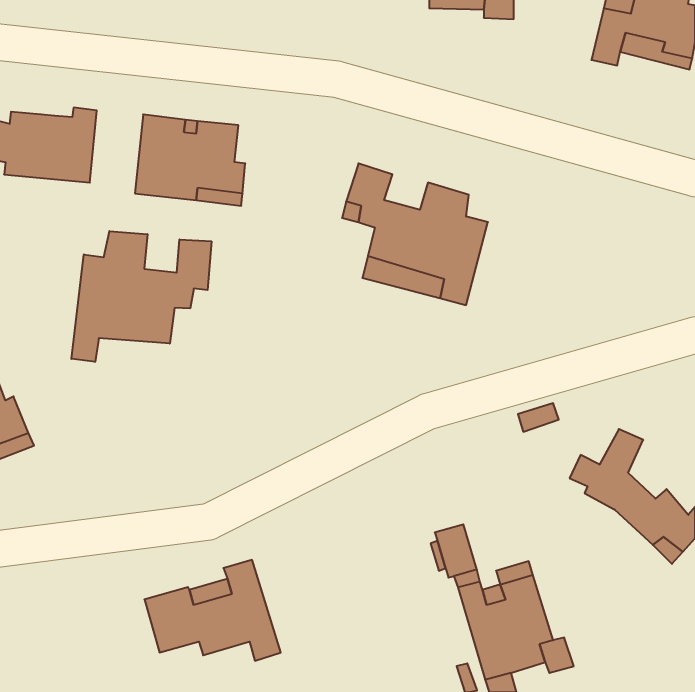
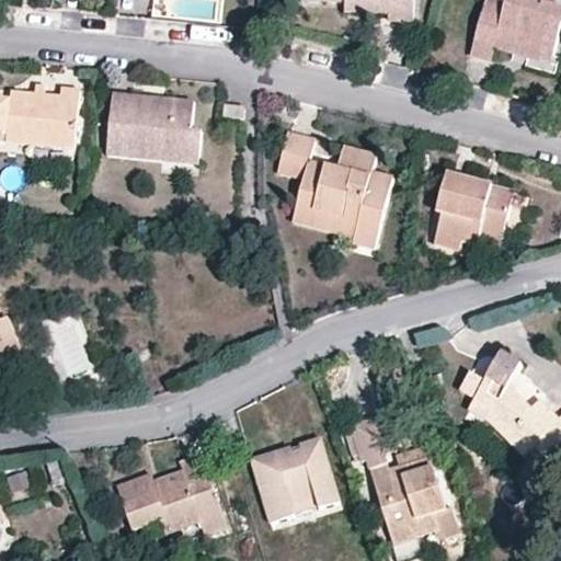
building: none -> [436,172,515,249]
building: [71,231,211,362] -> none
building: none -> [248,433,340,520]

